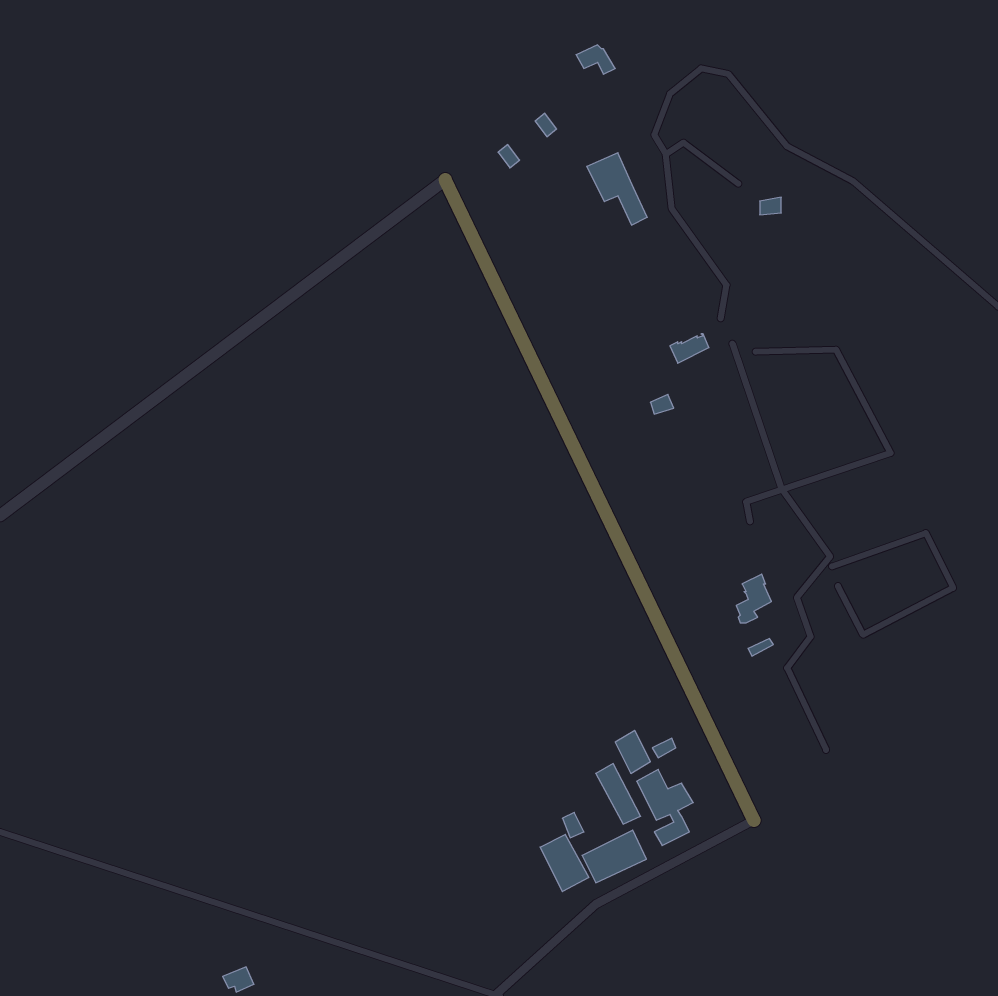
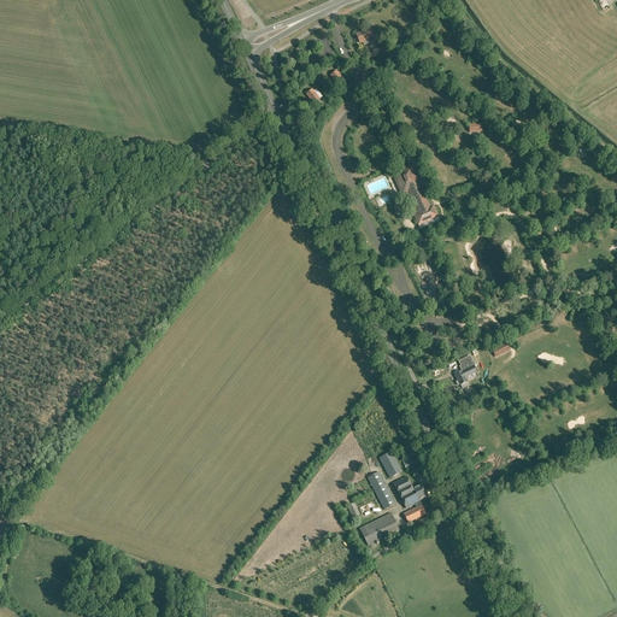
building: [587,153,647,225] -> [392,164,429,208]
building: [540,834,589,892] -> none

